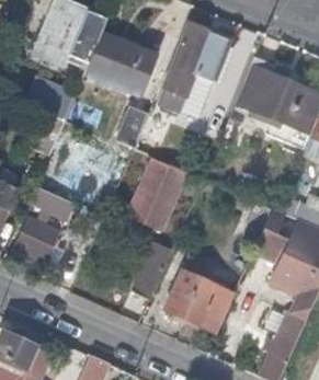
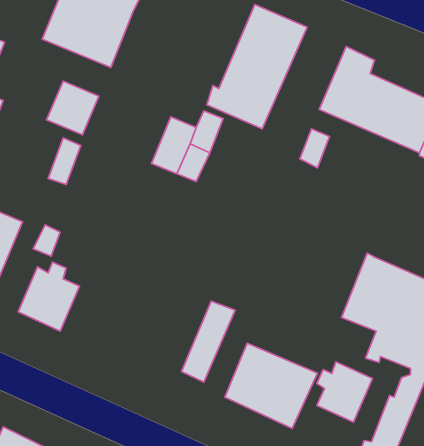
building: [82,28,161,97] -> none
building: [127,156,205,230] -> none
building: none -> [317,362,372,422]

